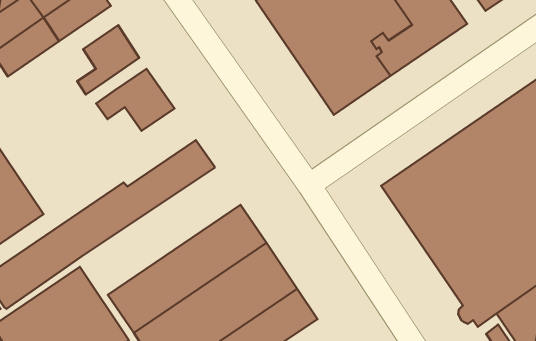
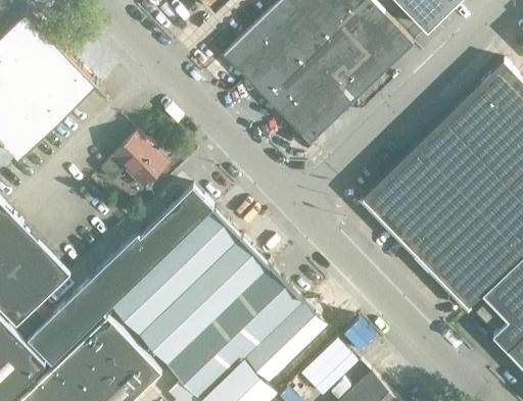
building: [77,25,139,94] -> none
building: none -> [110,208,242,336]

